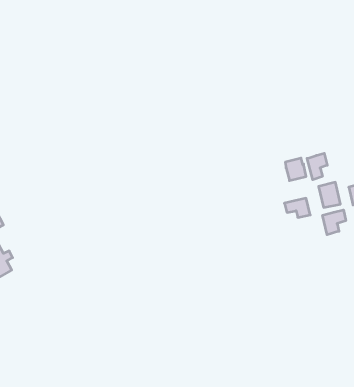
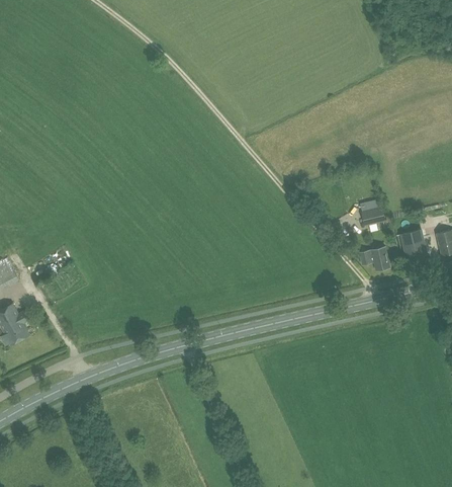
building: [307,153,327,180] -> none
building: [323,210,346,235] -> none

